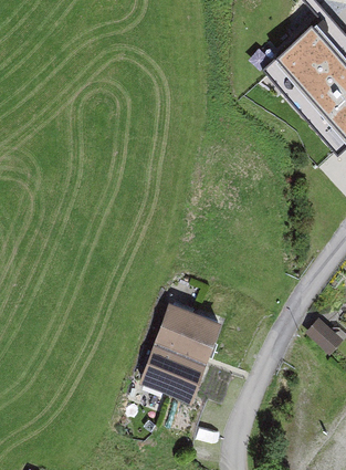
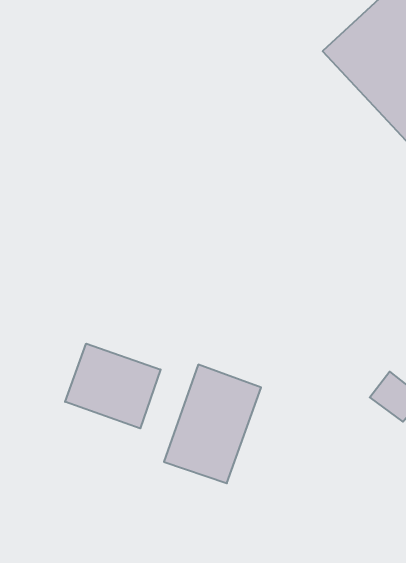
building: none -> [65,344,161,428]

